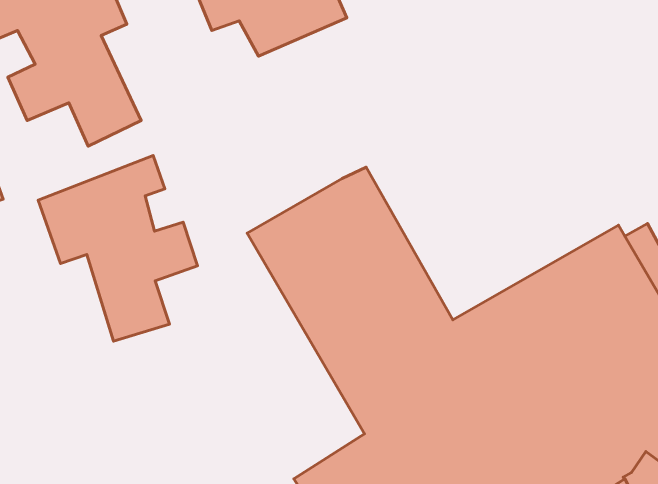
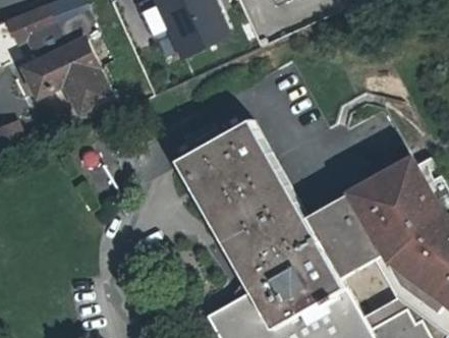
building: [38,155,198,341] -> none

